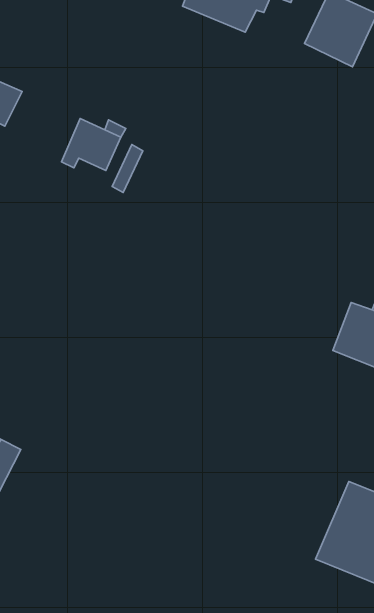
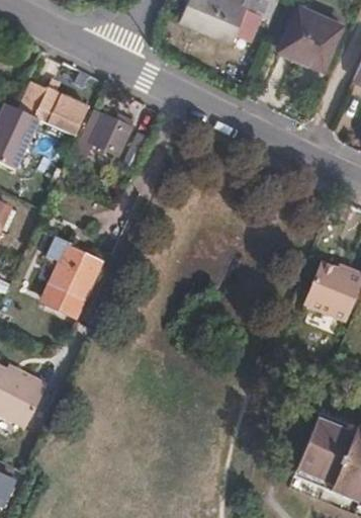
building: none -> [35,89,87,136]
building: none -> [48,235,101,319]

